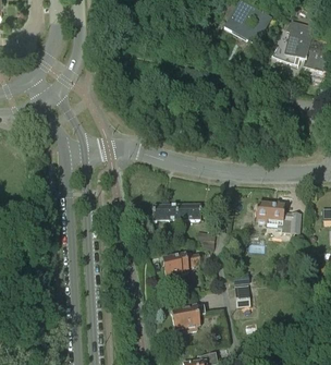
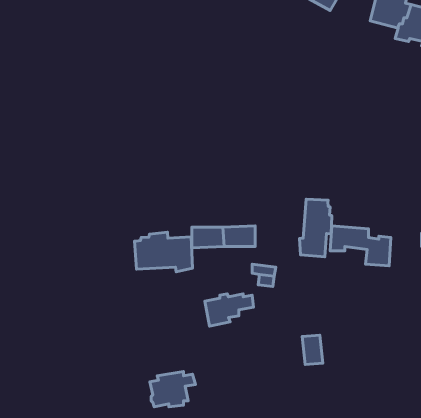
building: none -> [300,199,332,257]
building: none -> [134,232,193,272]
building: [171,304,205,330] -> [150,371,195,407]

